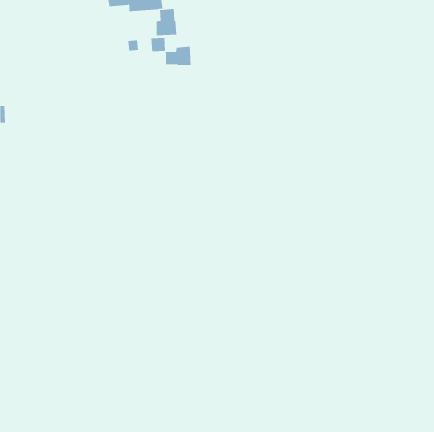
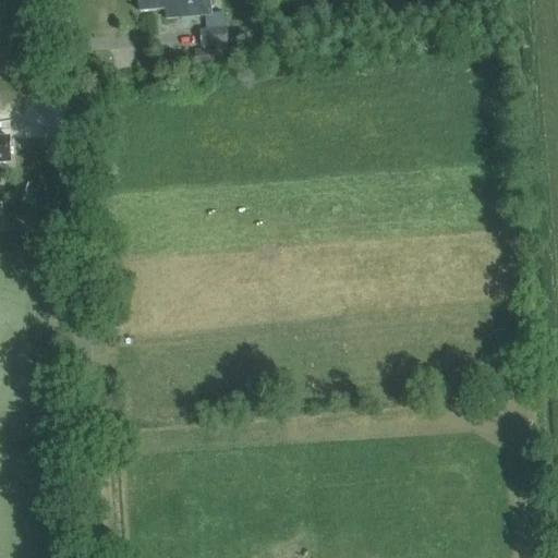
building: [165,46,191,66] -> none

